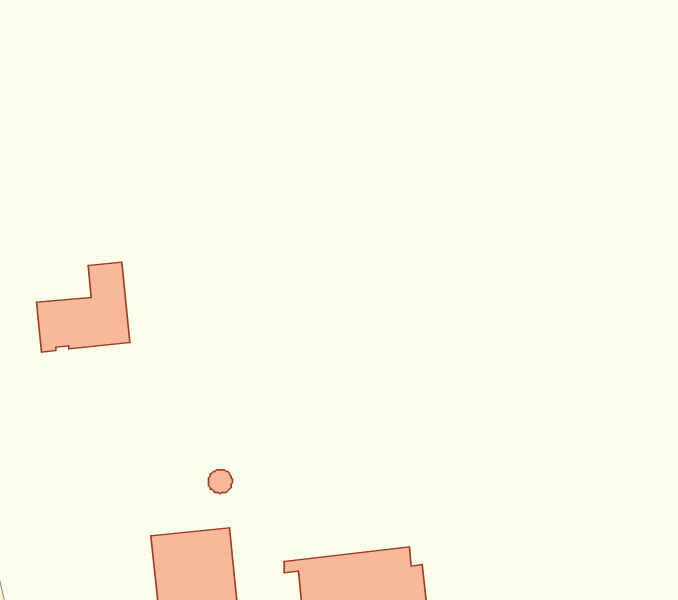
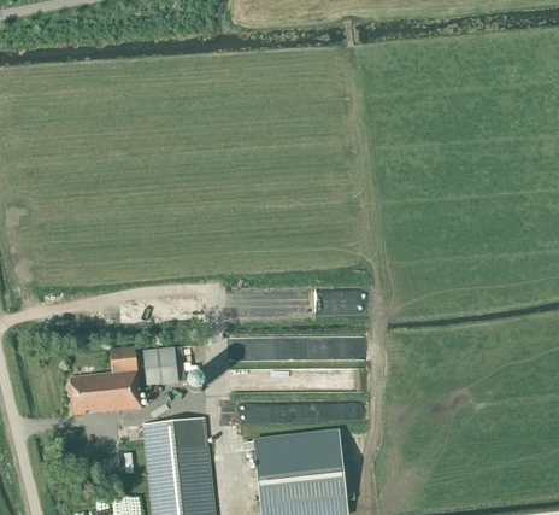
building: [37,262,130,352] -> [71,347,141,415]
building: none -> [145,347,177,382]

